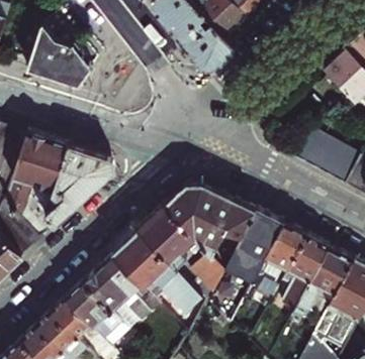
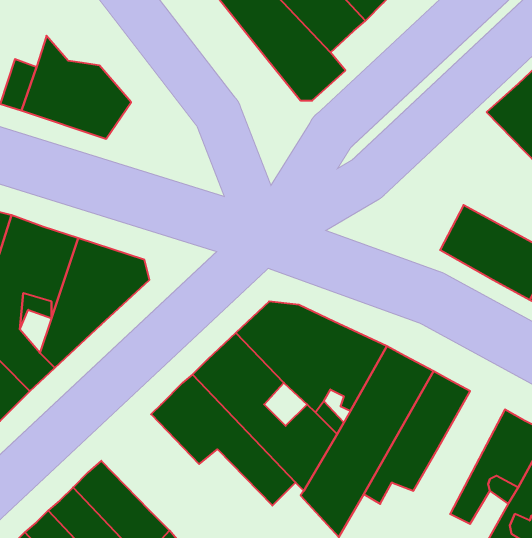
building: [283,240,329,315] -> none
building: [83,254,161,318] -> none

